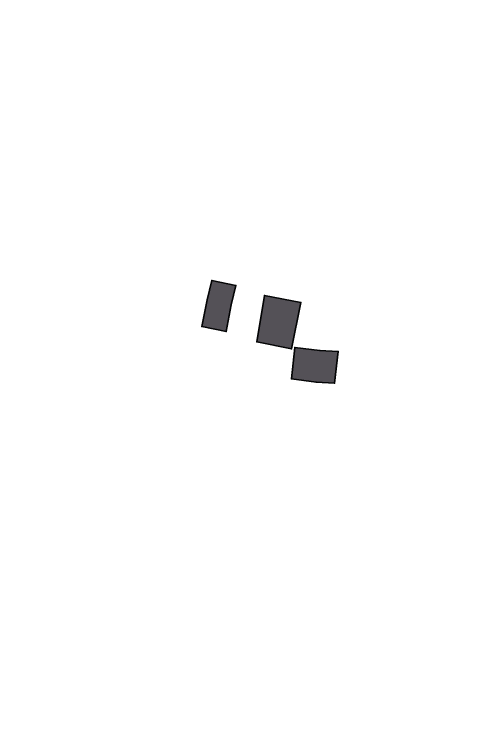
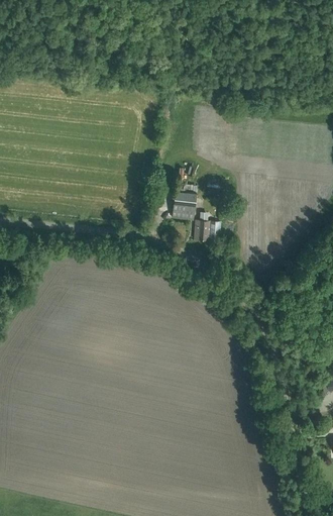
building: [202,280,236,331] -> none

